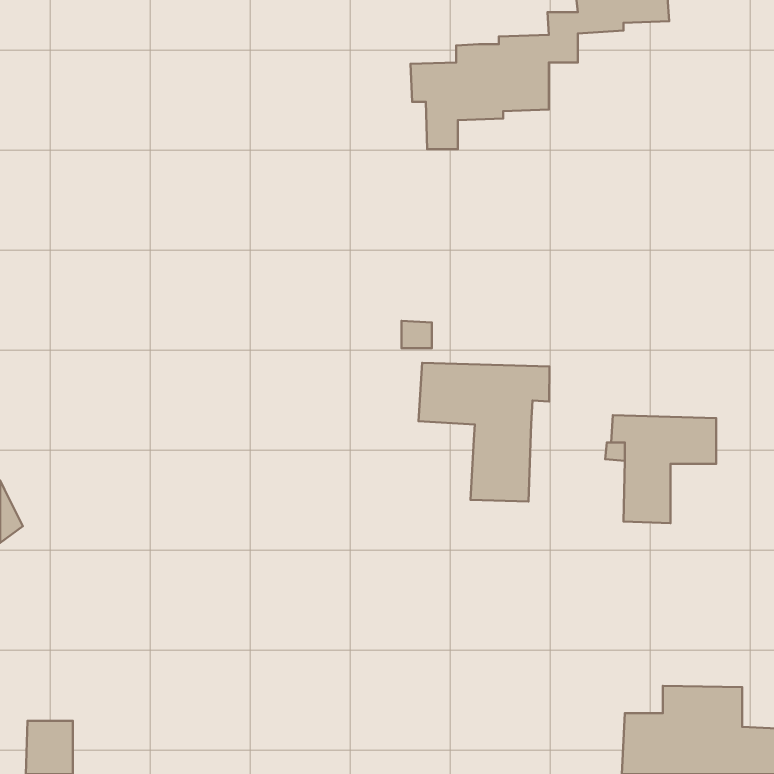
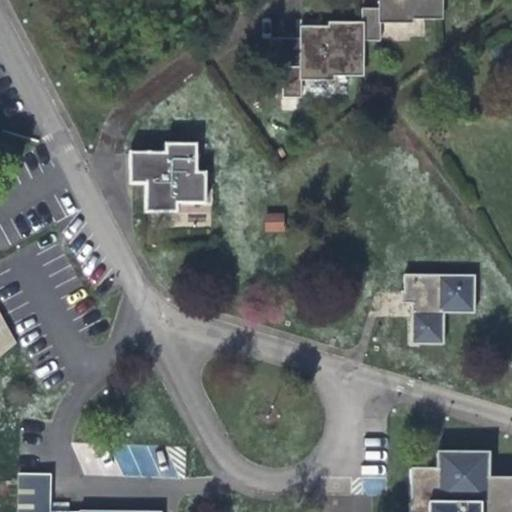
building: none -> [131,145,206,212]
building: [419,363,549,502] -> none

